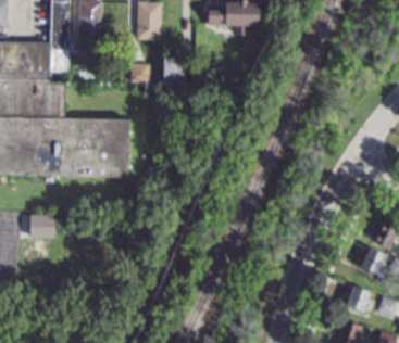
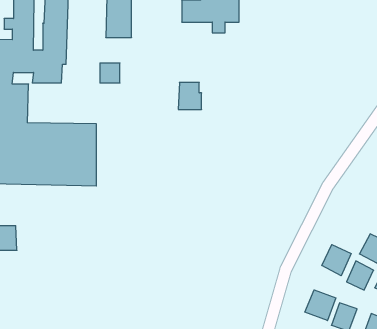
building: [163,56,185,81] -> [178,82,202,109]
building: none -> [322,245,351,276]
building: none -> [305,290,336,321]

